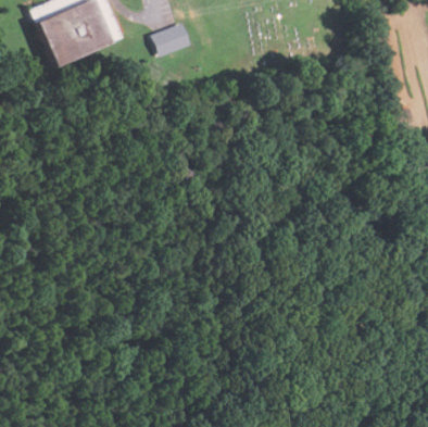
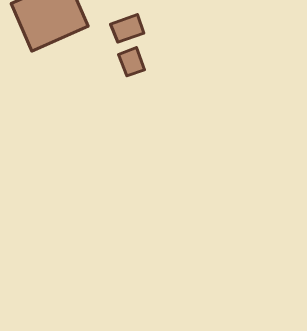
building: none -> [119,48,145,76]

